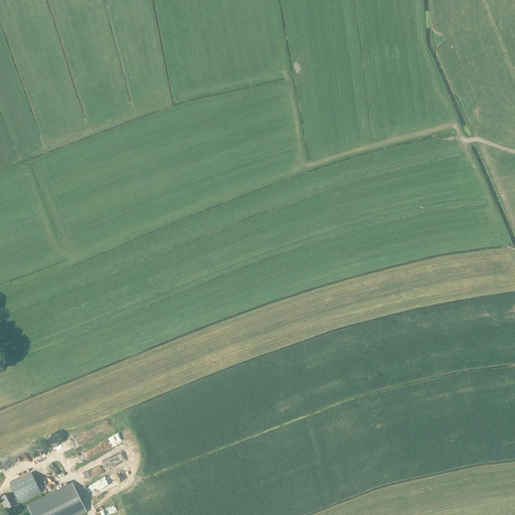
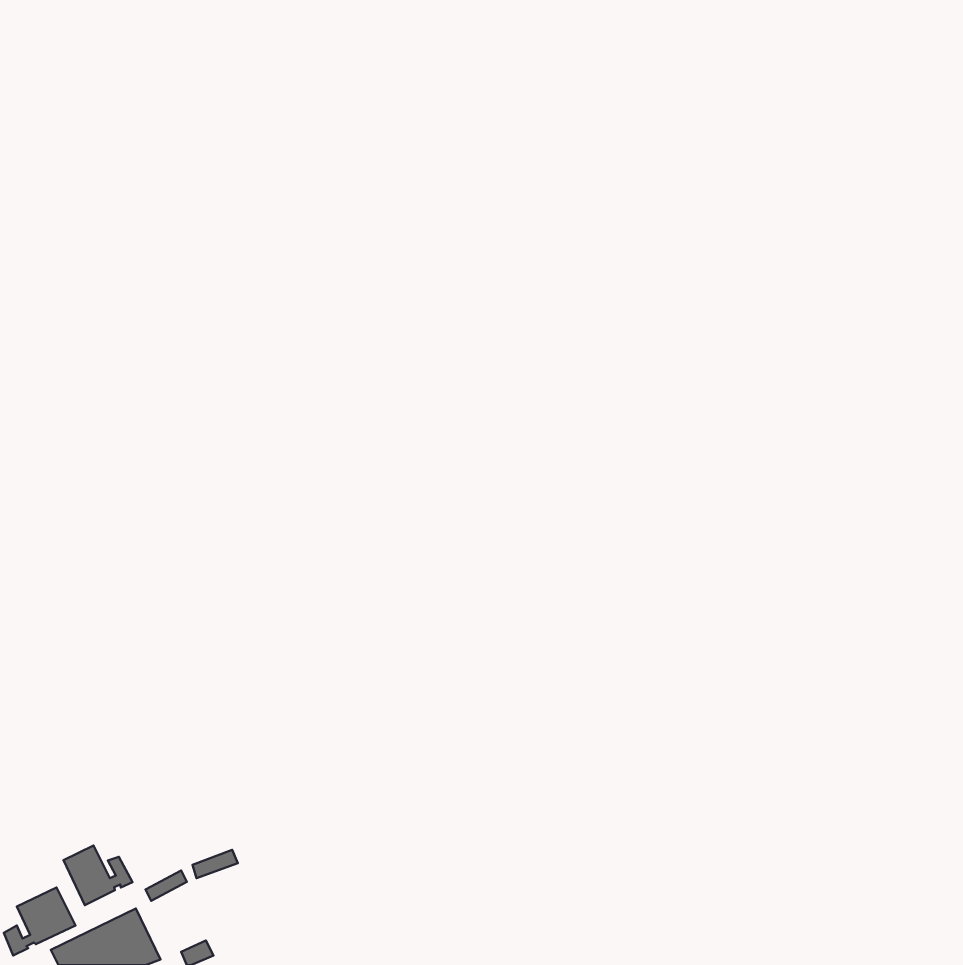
building: none -> [64,845,132,905]

